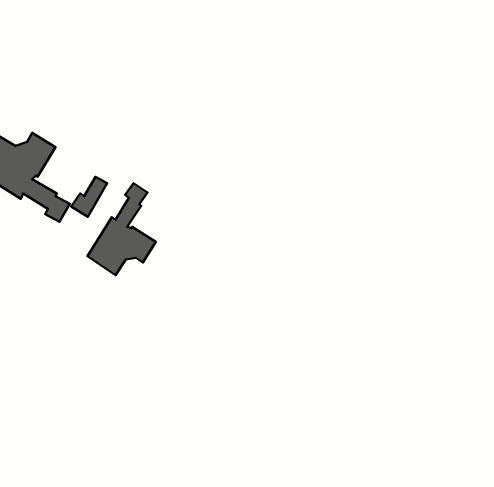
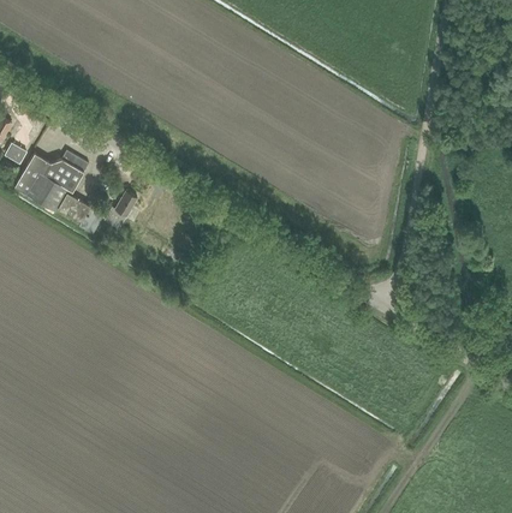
building: [87,183,156,275] -> none

